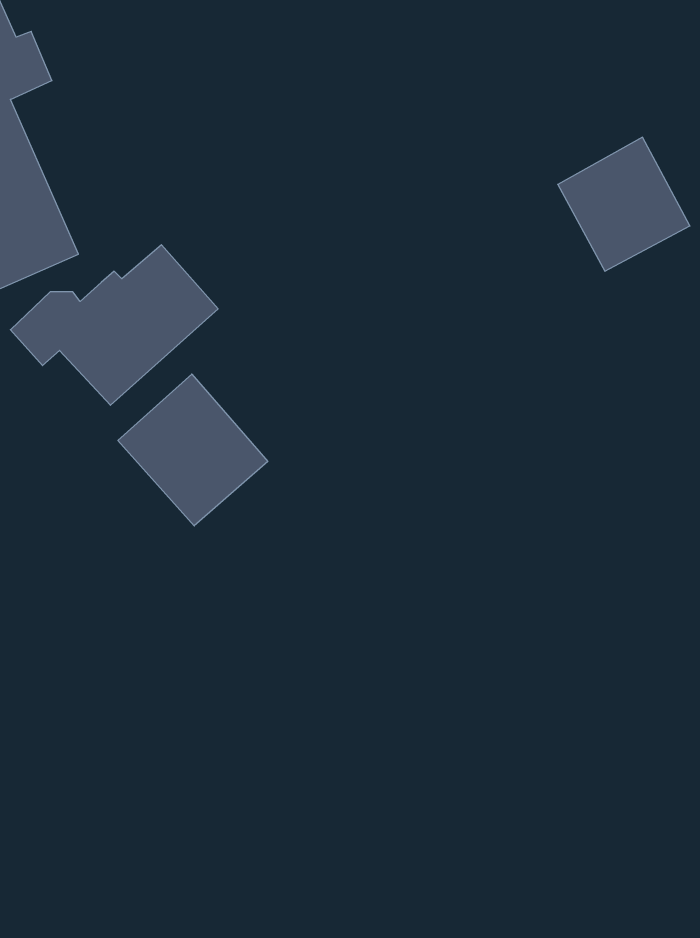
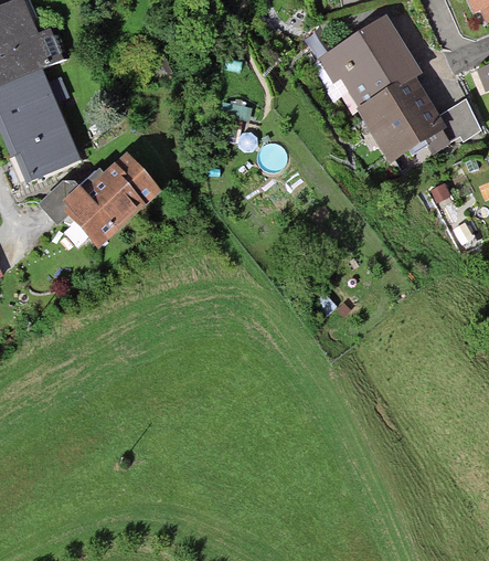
building: none -> [328,28,410,114]
building: [118,374,268,526] -> none

